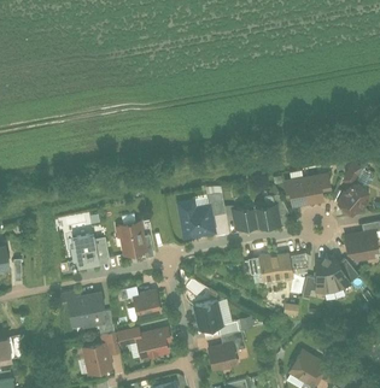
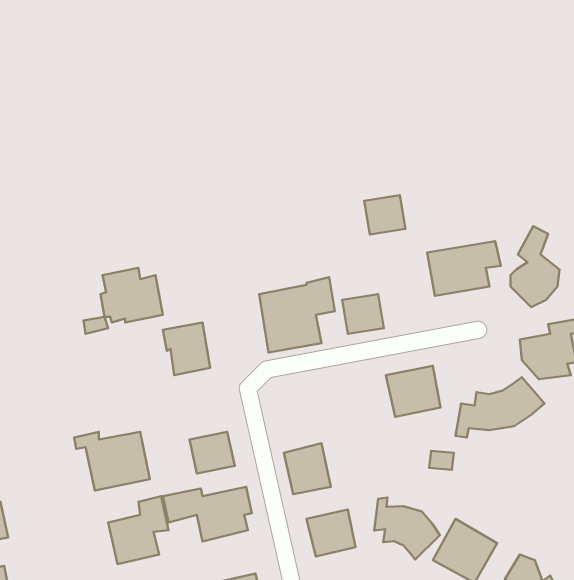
building: [253,200,280,225] -> [364,195,406,235]
building: [70,233,110,268] -> [101,268,163,322]
building: none -> [374,498,440,560]

